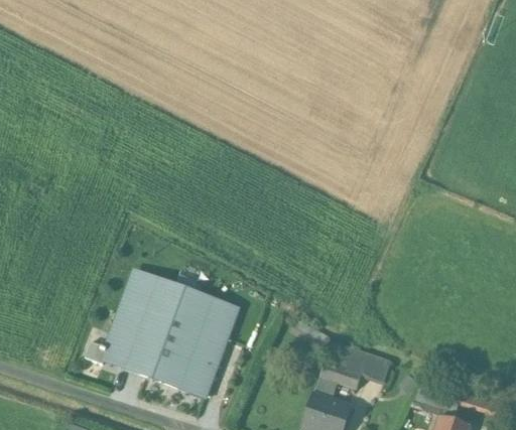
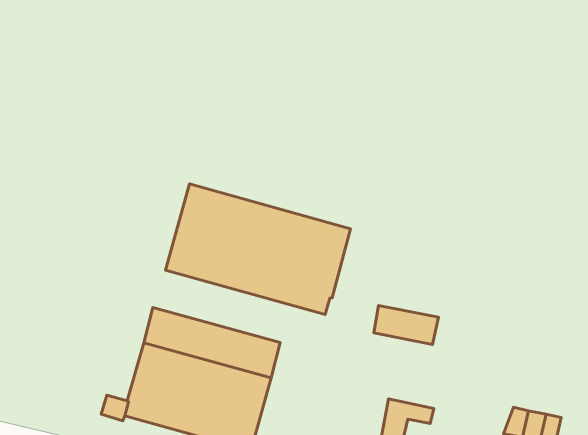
building: none -> [165,184,350,314]
building: [338,346,392,383] -> [374,305,439,345]

